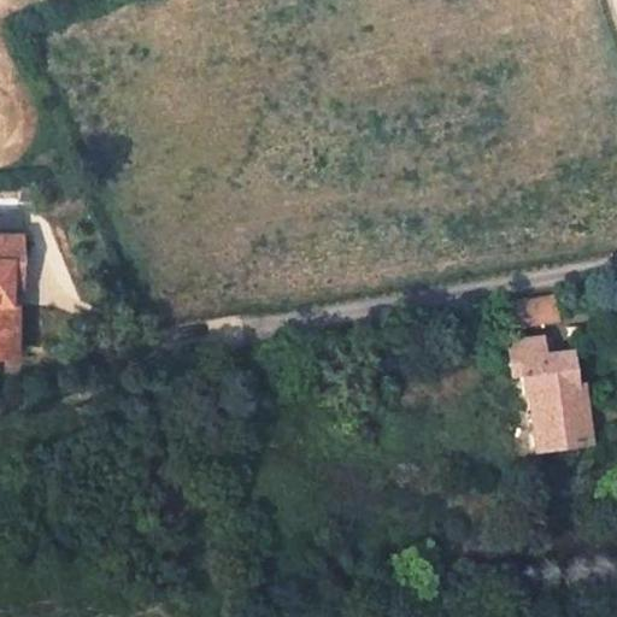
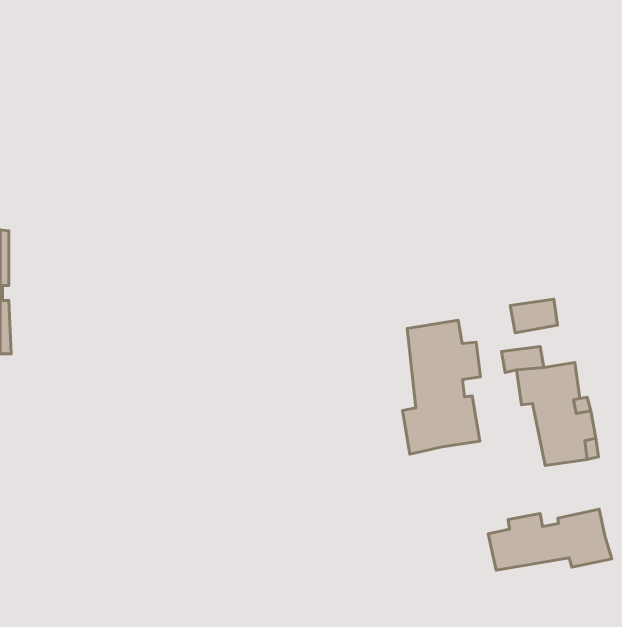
building: none -> [403,320,480,454]
building: none -> [488,509,612,570]

